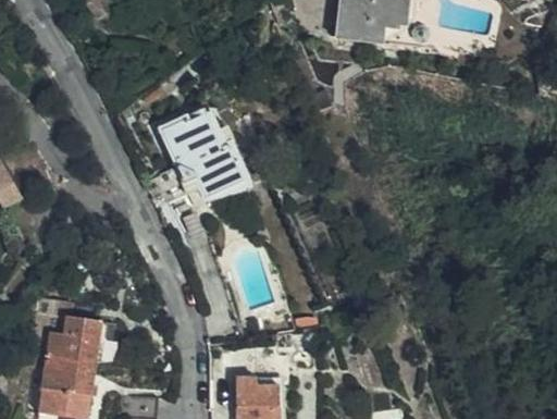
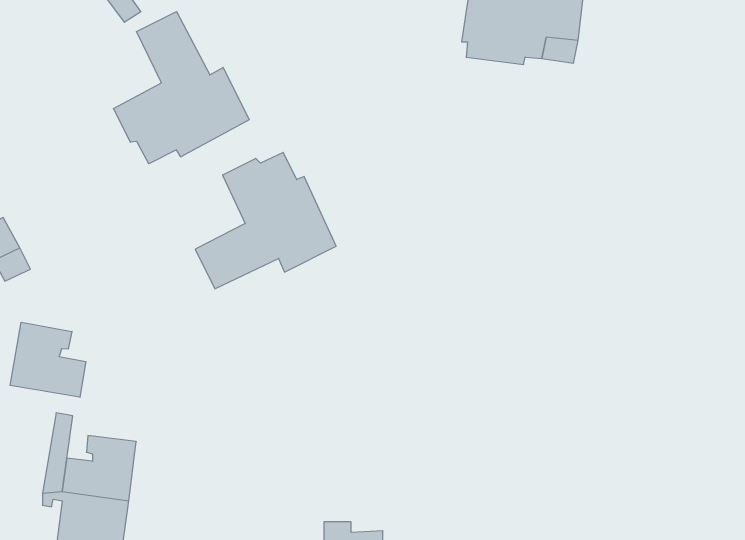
building: none -> [113,12,249,164]
building: none -> [10,322,86,397]

